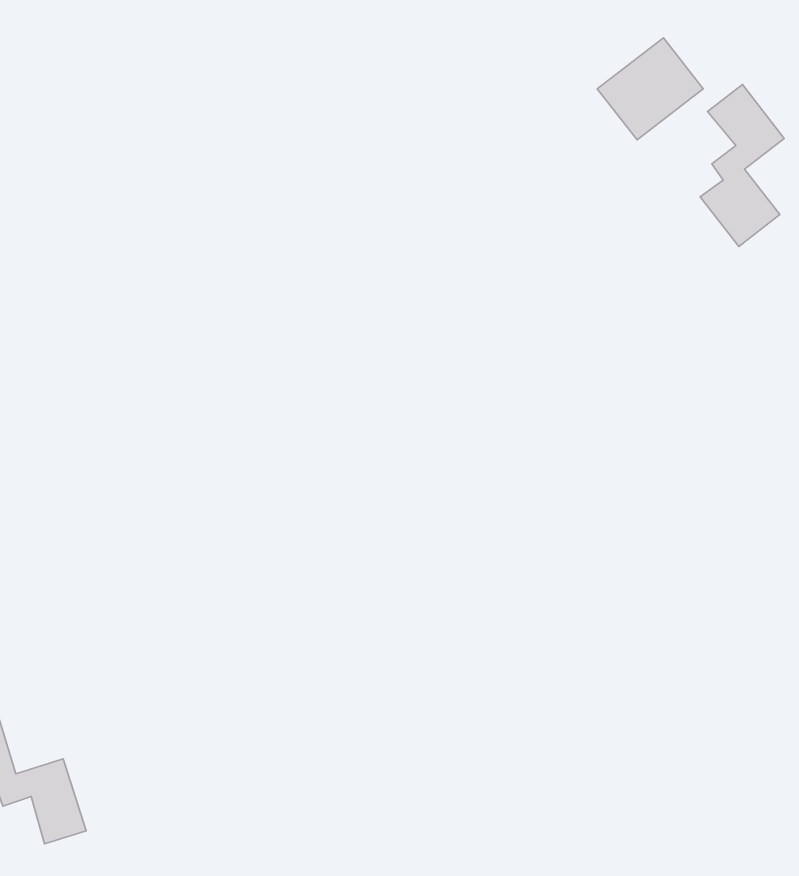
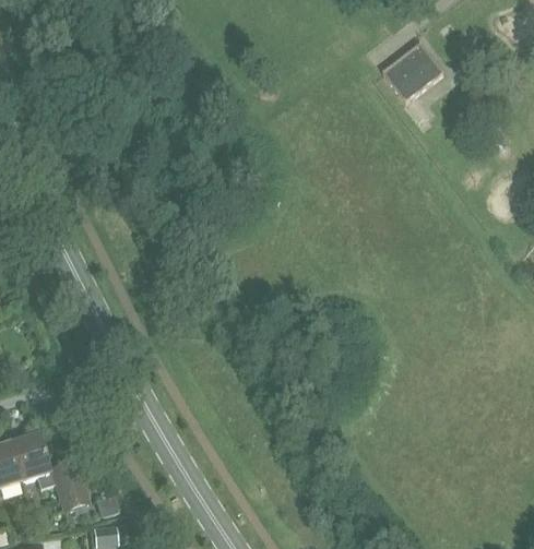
building: [700,85,784,247] -> none

